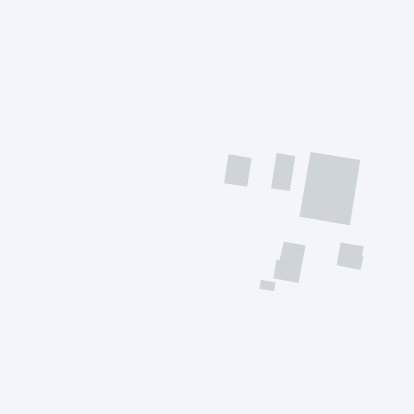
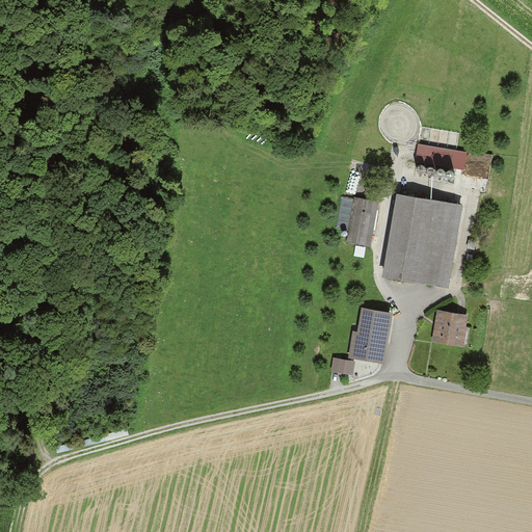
building: none -> [414,143,466,169]
building: [223,154,253,188] -> none

